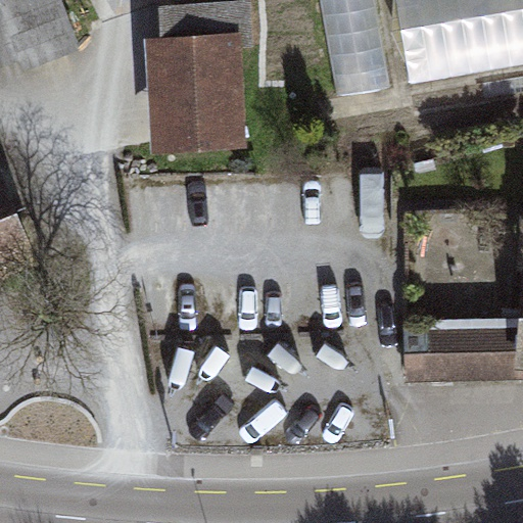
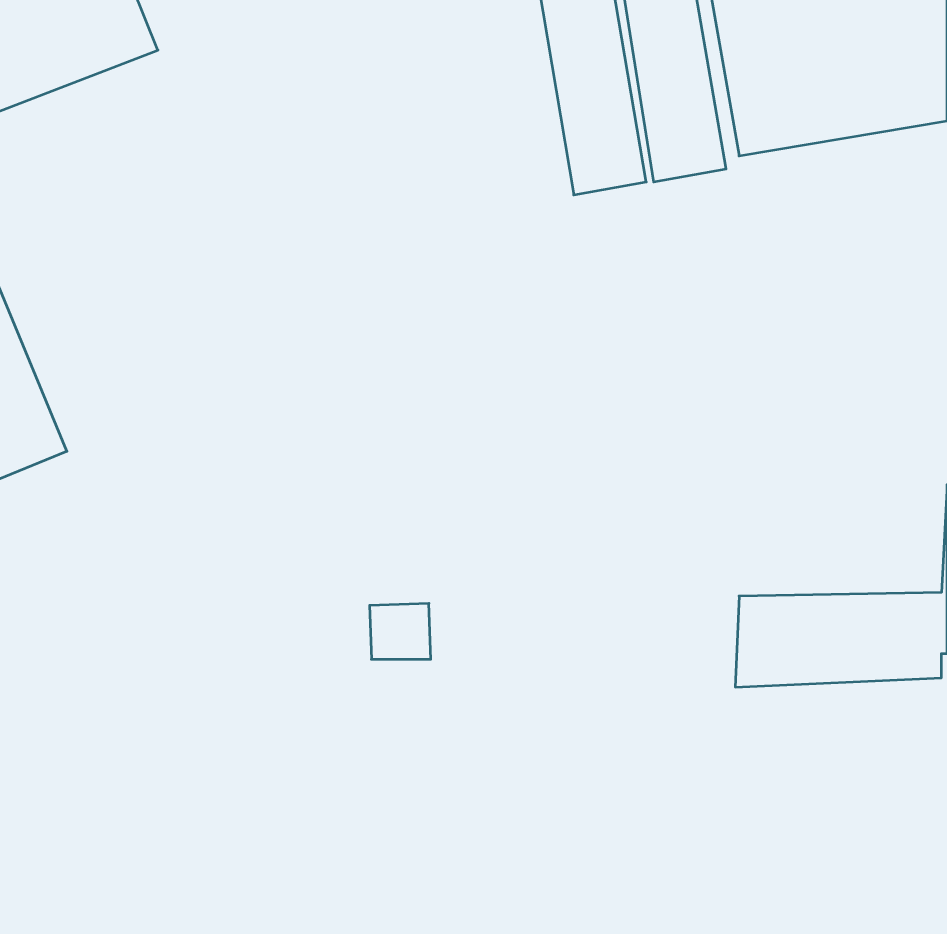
building: [144,27,246,148] -> none

